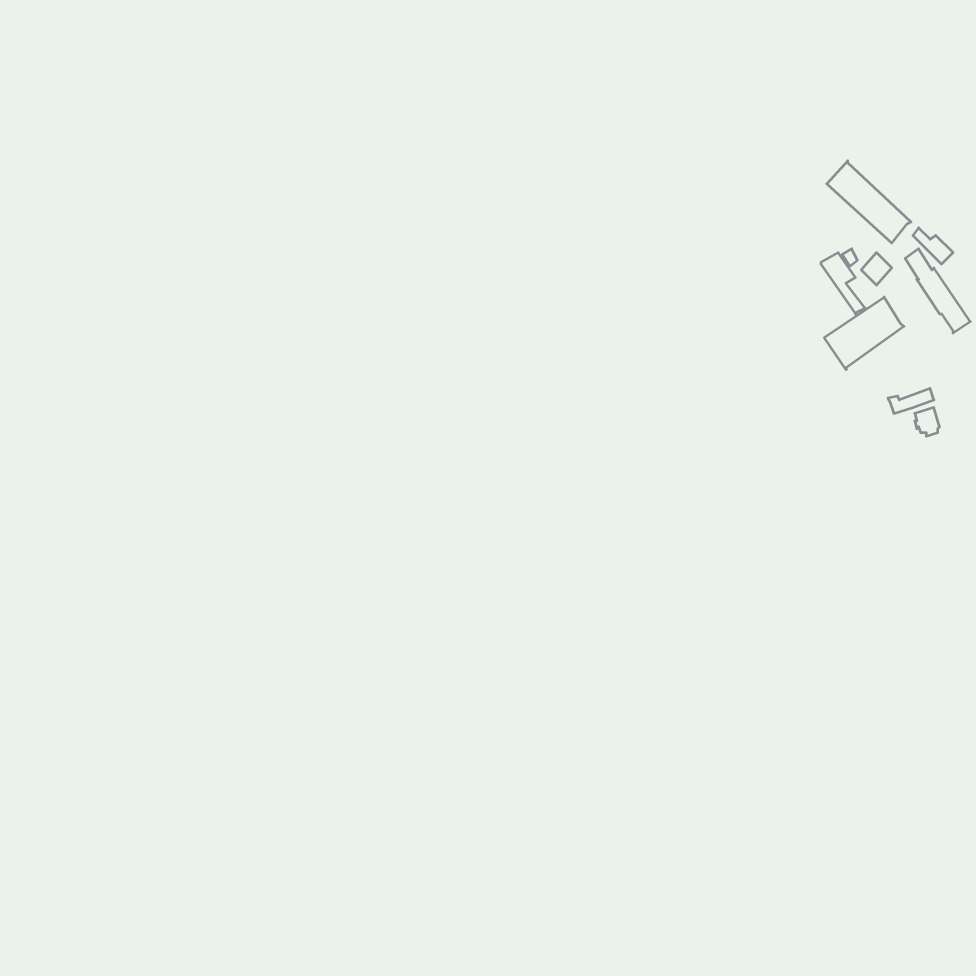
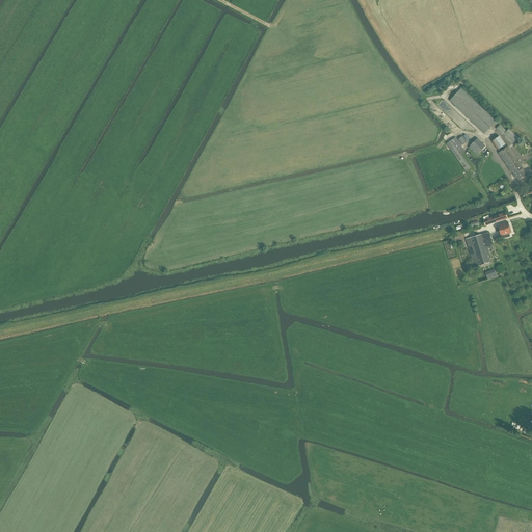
building: [824,297,904,370] -> none
building: none -> [464,231,493,266]

